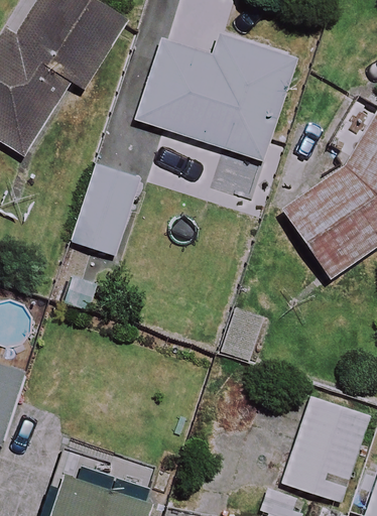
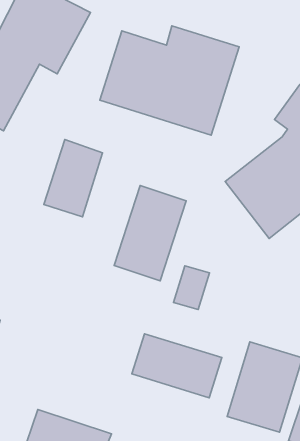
building: none -> [114,186,186,281]
building: none -> [132,334,222,398]

